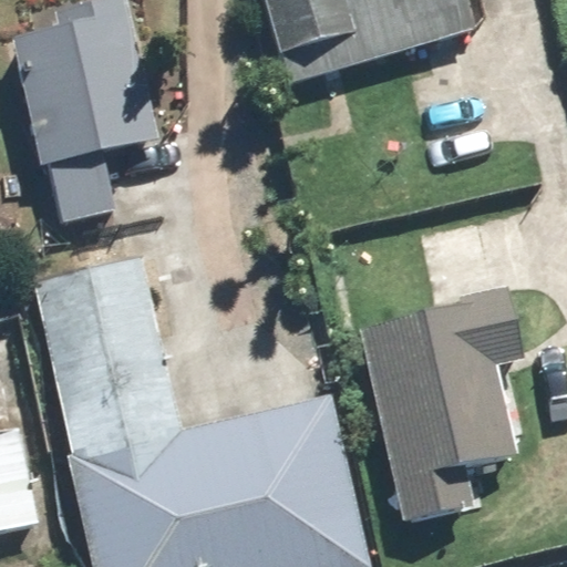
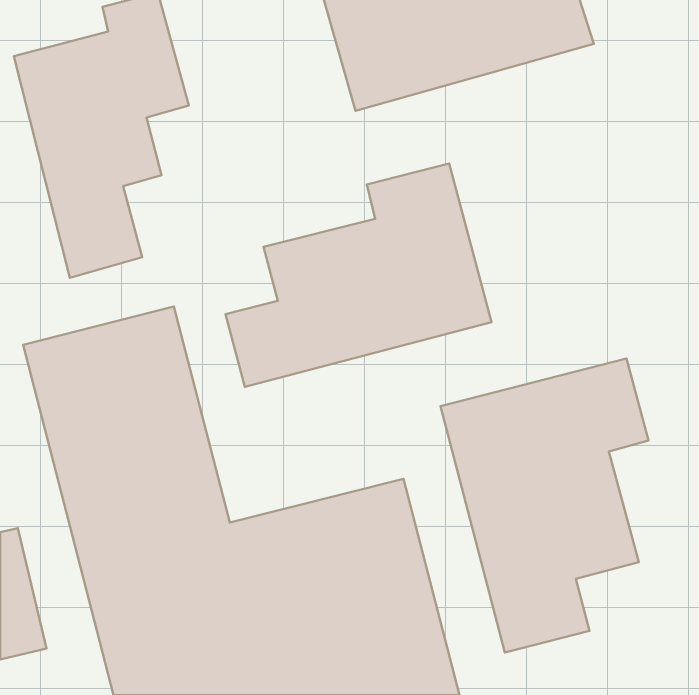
building: none -> [226,163,491,387]

